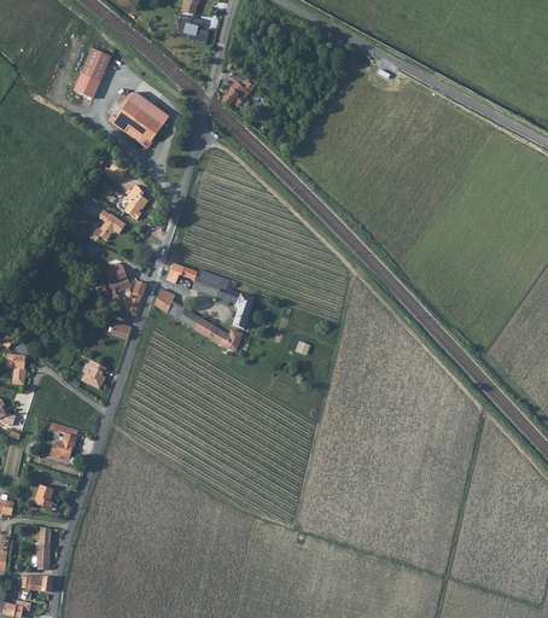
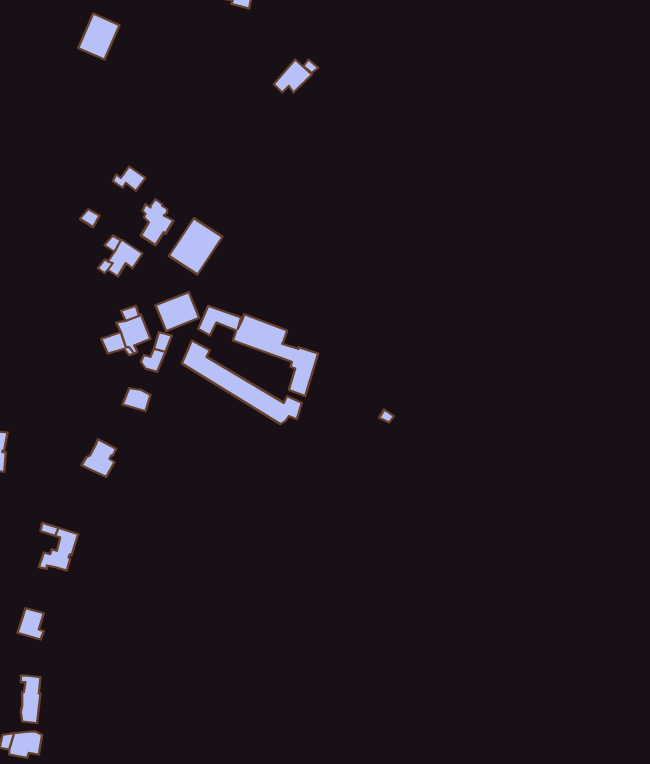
building: [111,91,168,148] -> none
building: none -> [169,218,223,275]
building: none -> [156,292,199,331]

